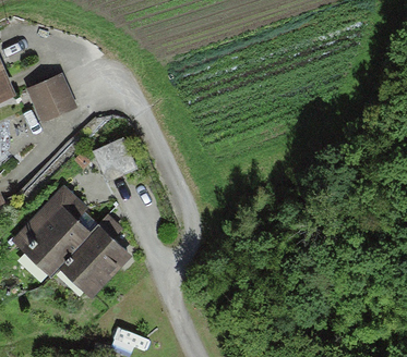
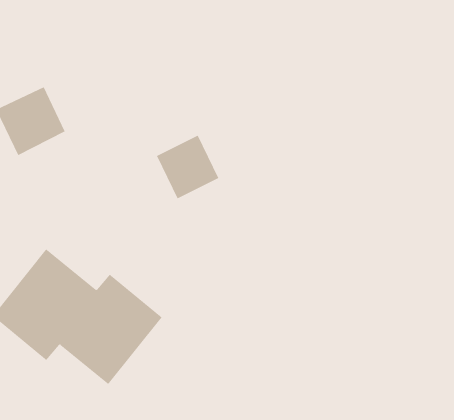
building: [91,138,136,185] -> [156,135,219,199]

